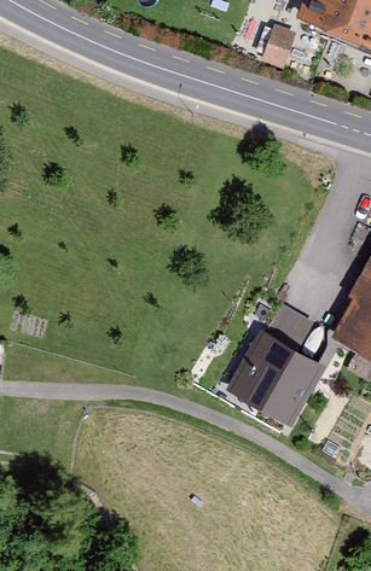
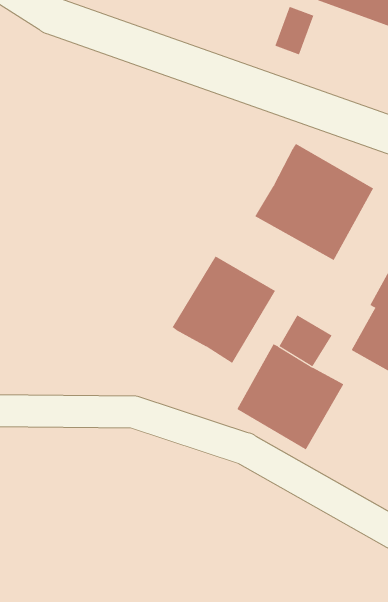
building: none -> [255,143,374,261]
building: none -> [172,255,276,364]

